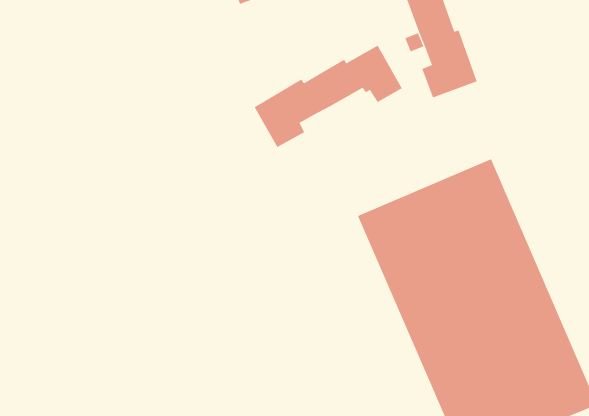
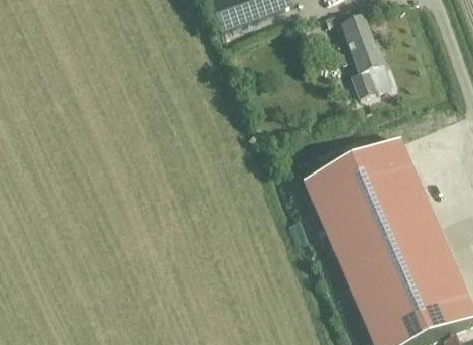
building: [254,45,403,148] -> none

